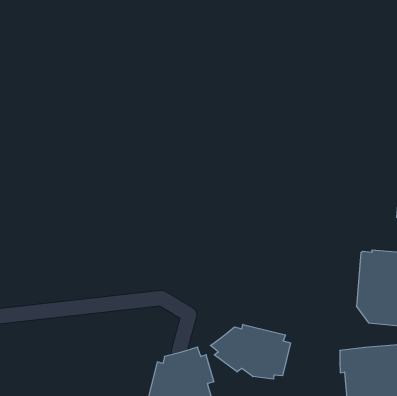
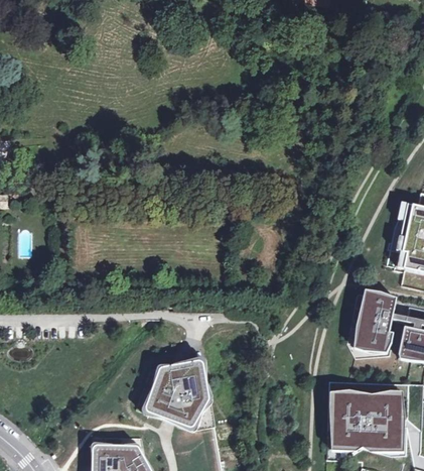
building: [210,324,290,379] -> none

